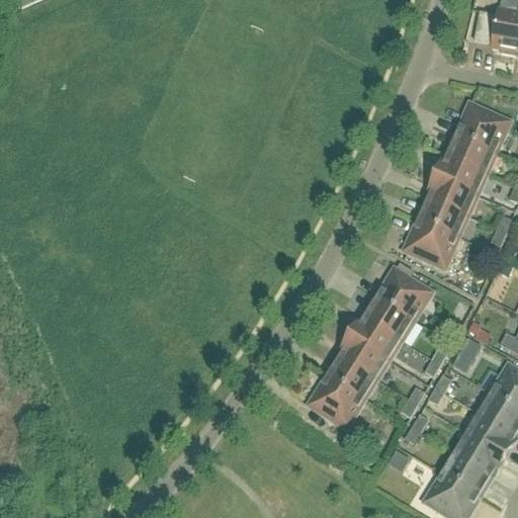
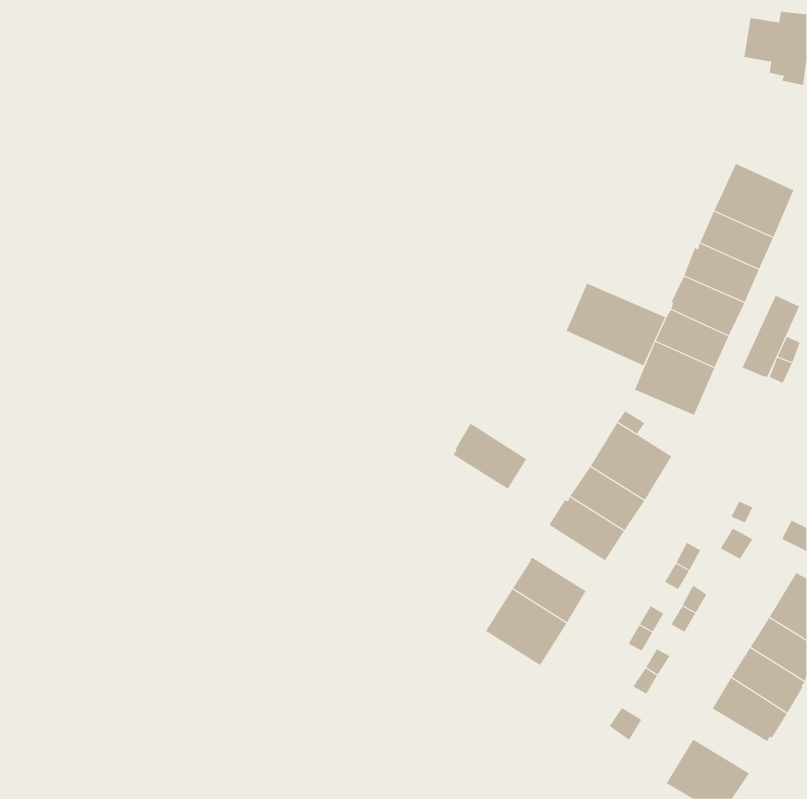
building: none -> [566,283,666,366]
building: none -> [742,295,800,378]
building: [339,335,386,377] -> [453,423,527,489]
building: [442,452,490,494] -> none

